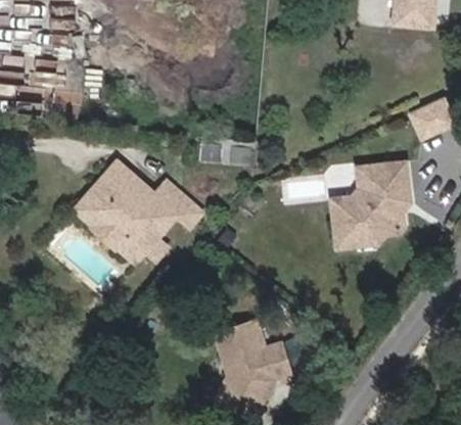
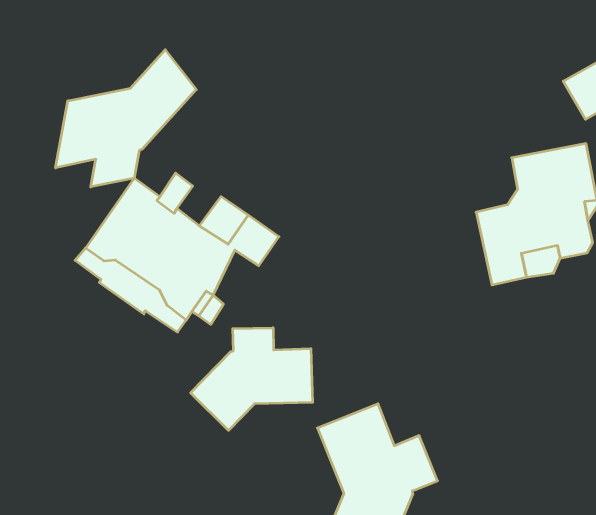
building: none -> [56,50,196,187]
building: none -> [191,328,313,430]

